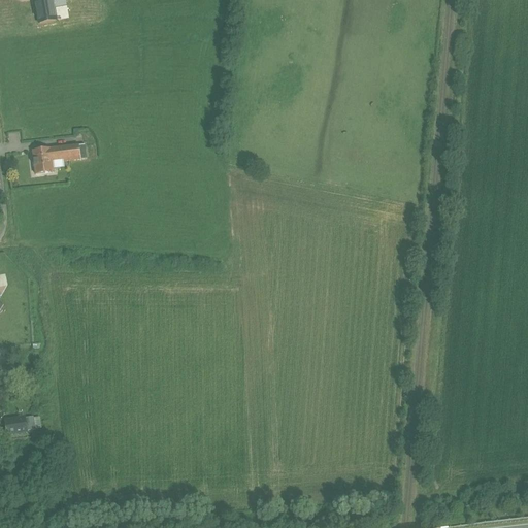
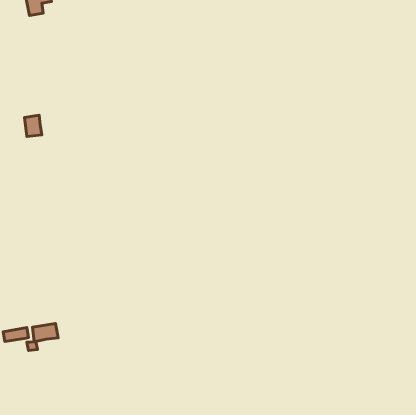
building: [50,142,78,159] -> none
building: none -> [33,324,58,342]

